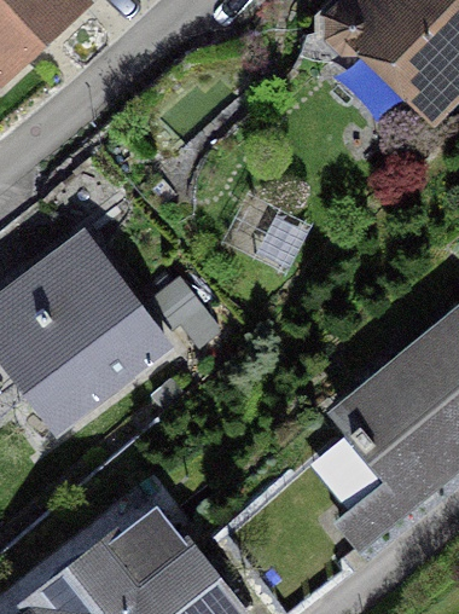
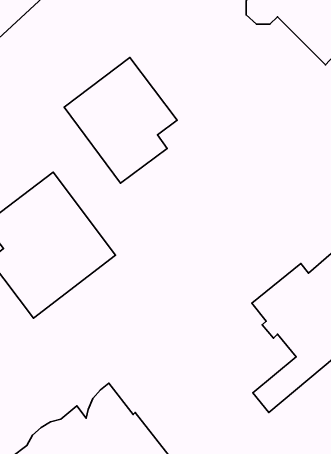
building: none -> [64,57,177,183]

